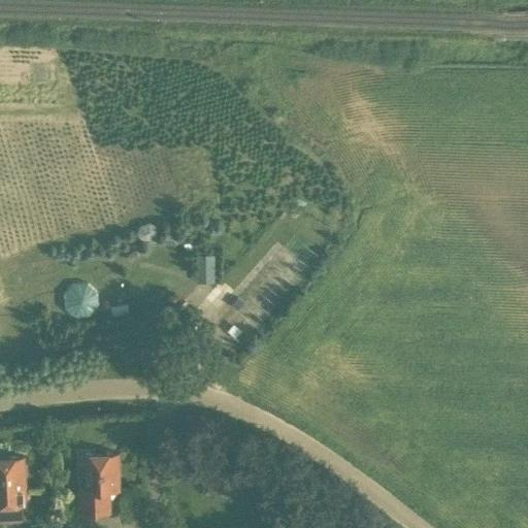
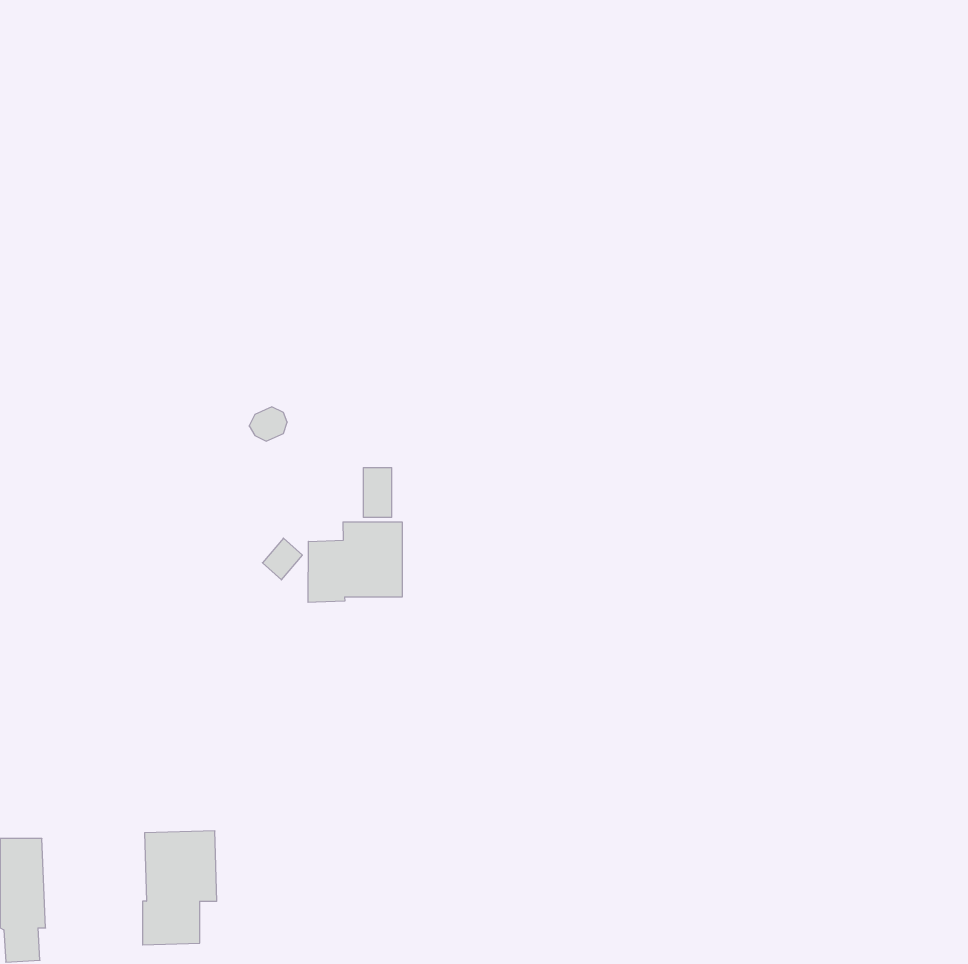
building: [65,286,98,317] -> none
building: none -> [308,522,402,602]

